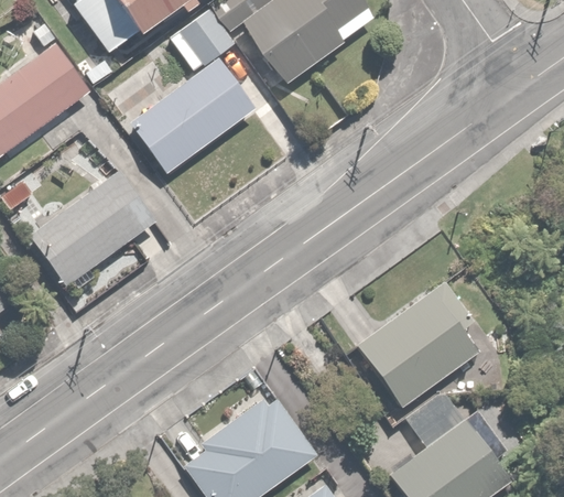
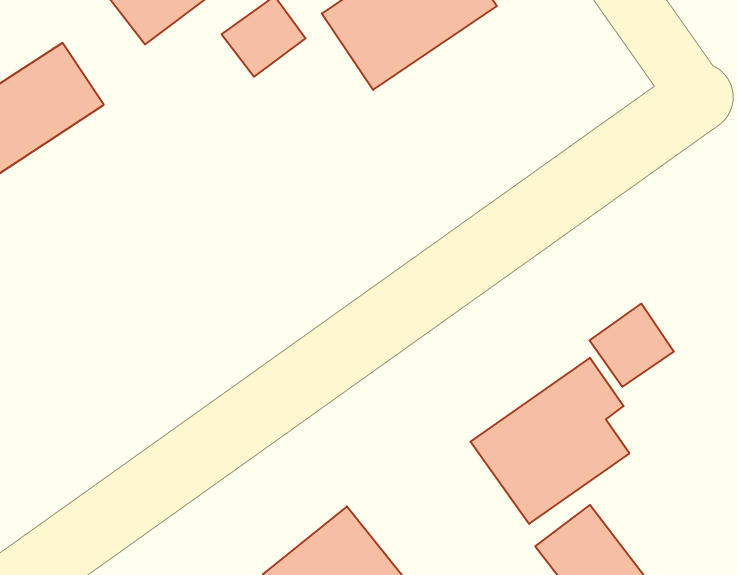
building: [132,62,257,171] -> none
building: [35,183,147,283] -> none
building: none -> [589,304,674,387]

